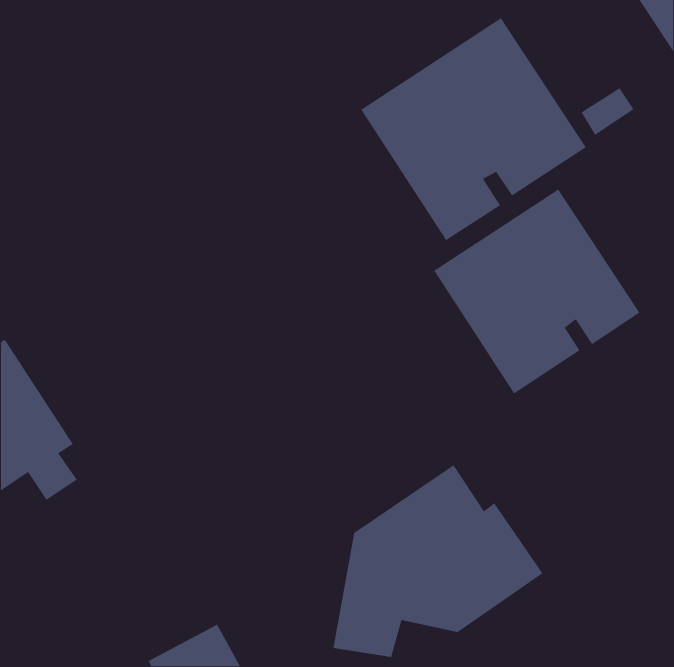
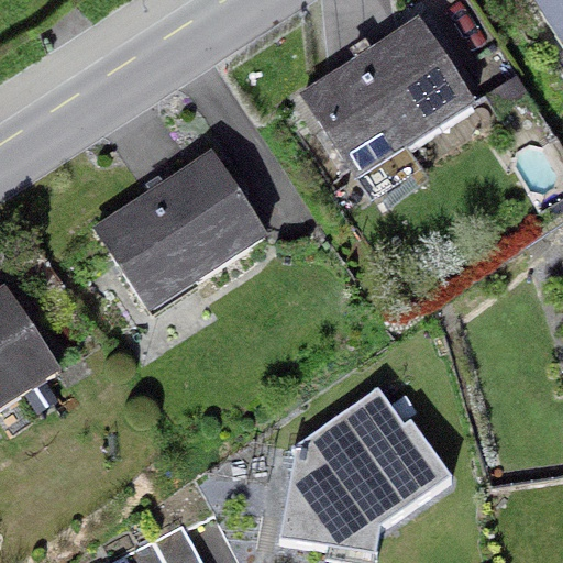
building: none -> [92,150,268,313]
building: [433,188,641,394] -> none

